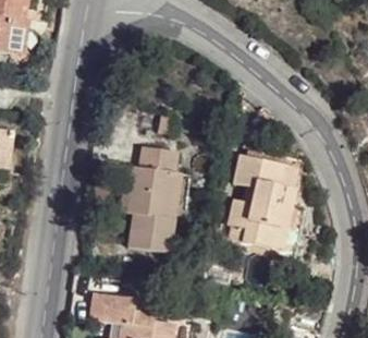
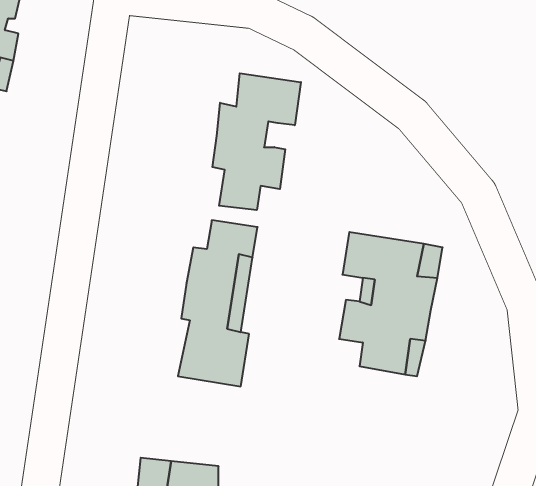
building: none -> [212,73,301,210]

